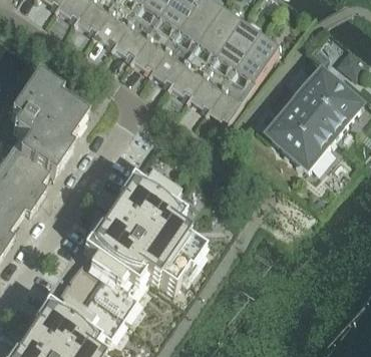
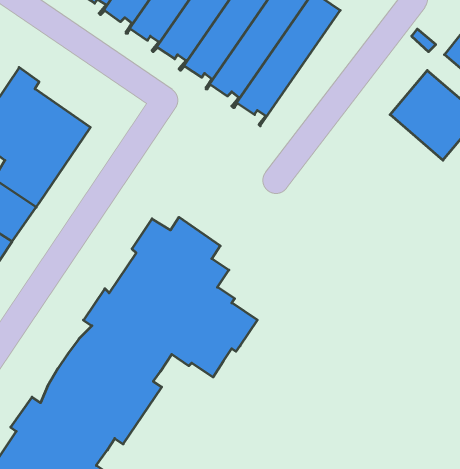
building: [206,33,281,127] -> none
building: [271,106,334,169] -> none

